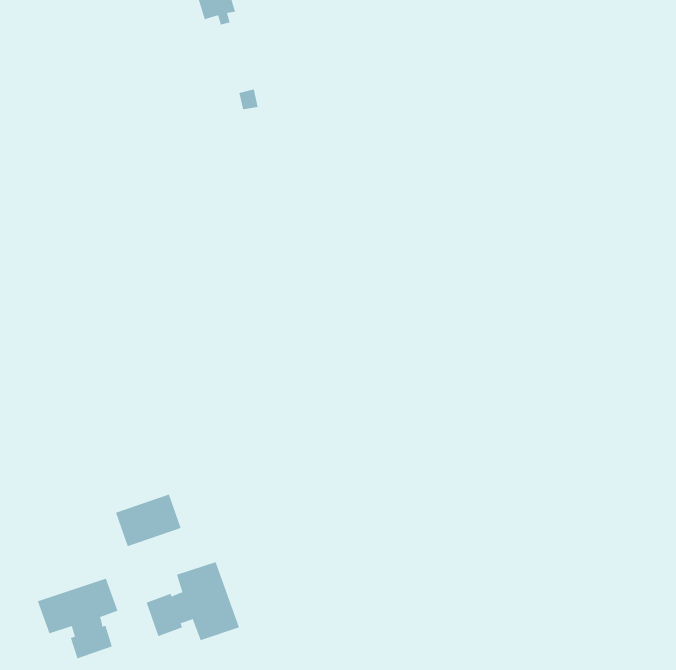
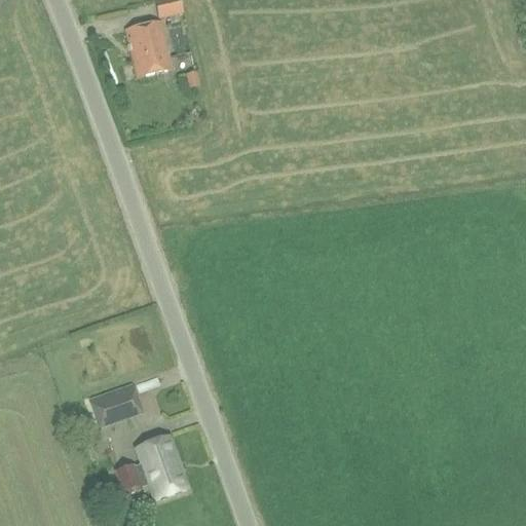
building: none -> [126,18,174,75]
building: [37,578,118,659] -> none

